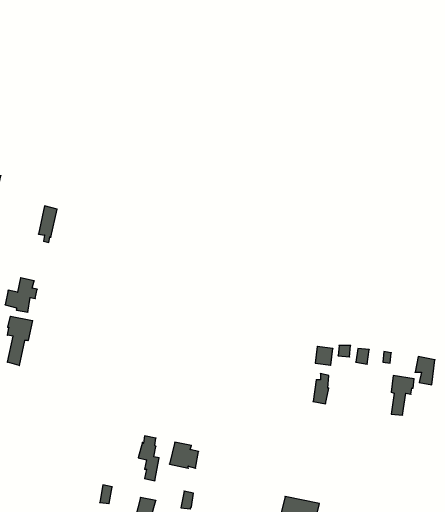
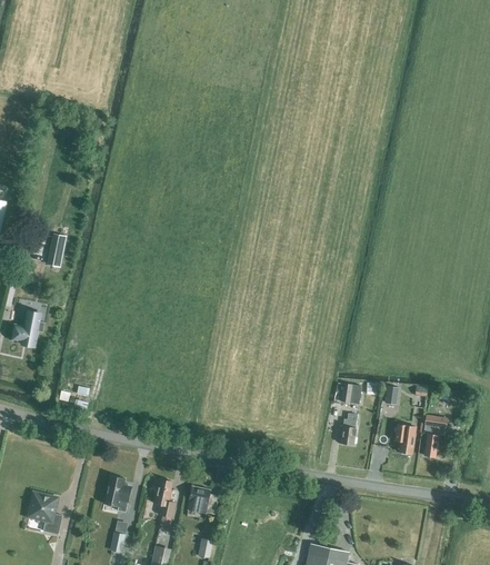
building: [7,316,33,366] -> none
building: [415,357,435,385] -> [393,424,414,454]
building: none -> [102,475,130,512]
building: none -> [28,492,61,534]

